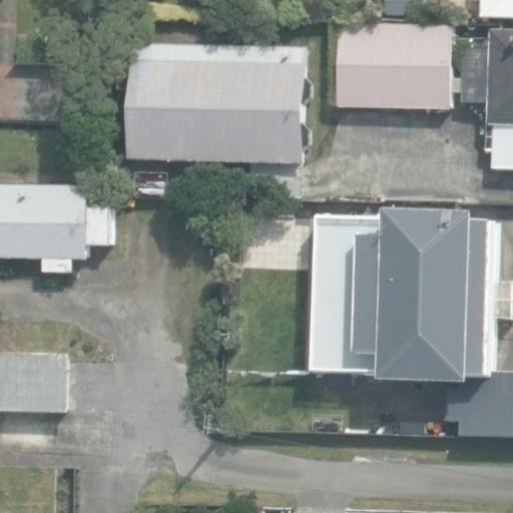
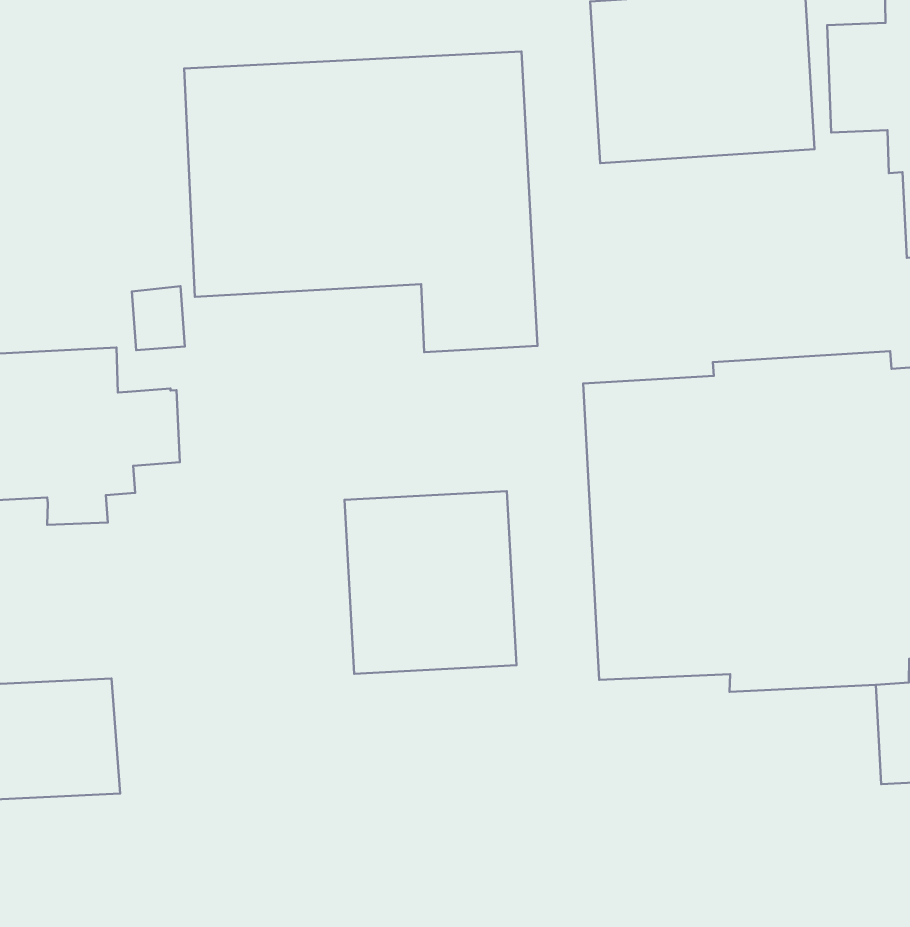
building: none -> [344,491,517,674]

